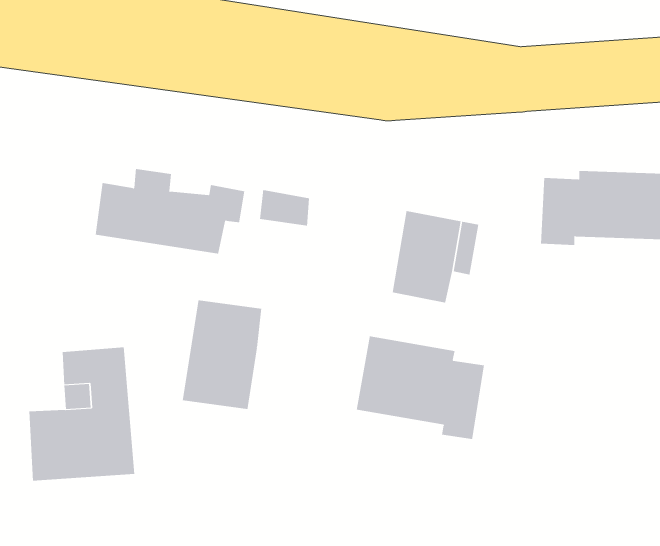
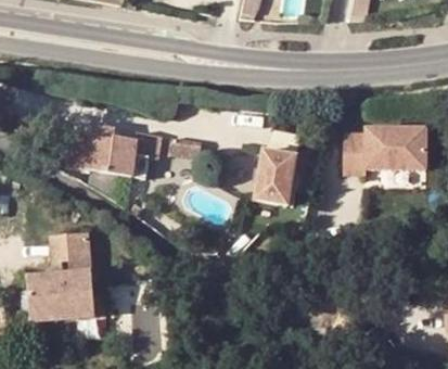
building: [182,300,262,410] -> none
building: [356,336,485,440] -> none

